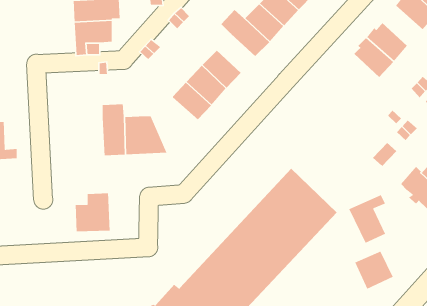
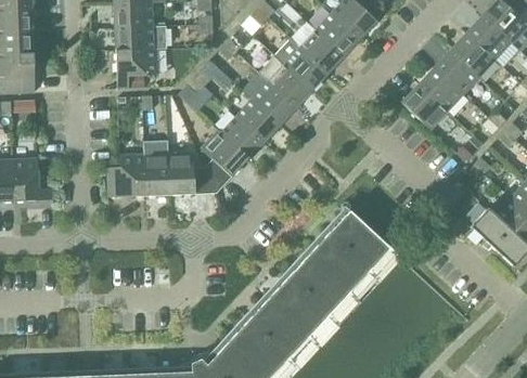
building: none -> [451,31,496,76]
building: none -> [258,52,312,105]
building: none -> [401,84,448,129]
building: none -> [202,129,249,192]
building: [75,192,111,232] -> [107,154,146,197]
building: [348,194,386,244] -> none
building: [354,250,394,290] -> none

